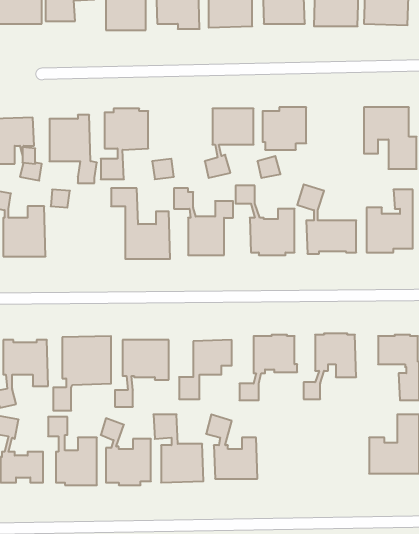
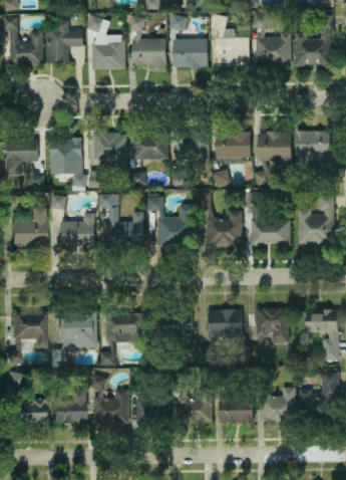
building: none -> [253,131,291,186]
building: none -> [133,133,167,159]
building: none -> [58,213,93,246]
building: none -> [213,369,253,424]
building: none -> [258,373,295,424]

